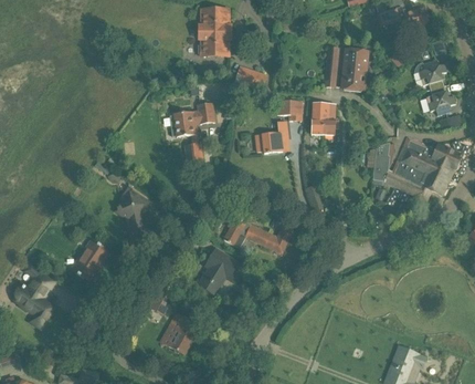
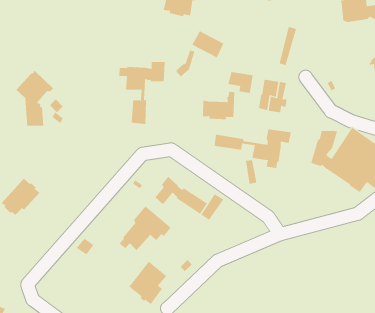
building: [340,48,368,90] -> none
building: none -> [214,128,291,169]
building: [115,188,152,245] -> [16,71,54,126]
building: [160,311,197,354] -> [129,261,167,305]

